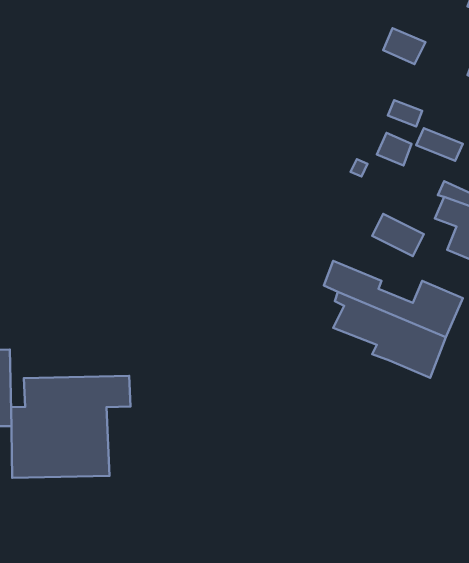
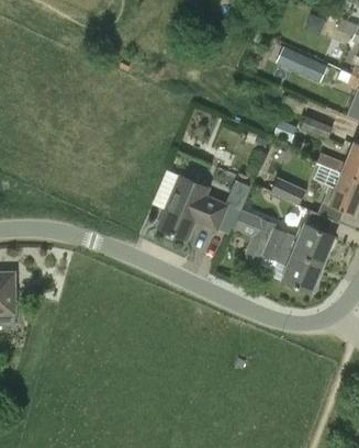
building: none -> [154,169,251,239]
building: [11,376,130,478] -> none

